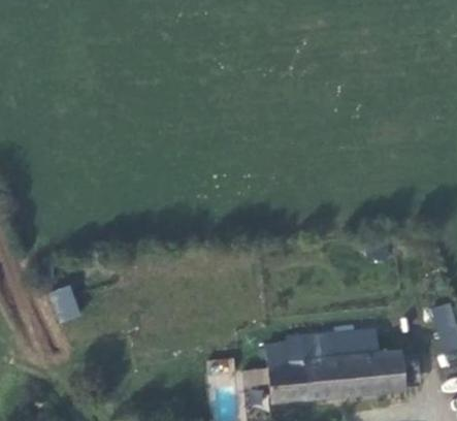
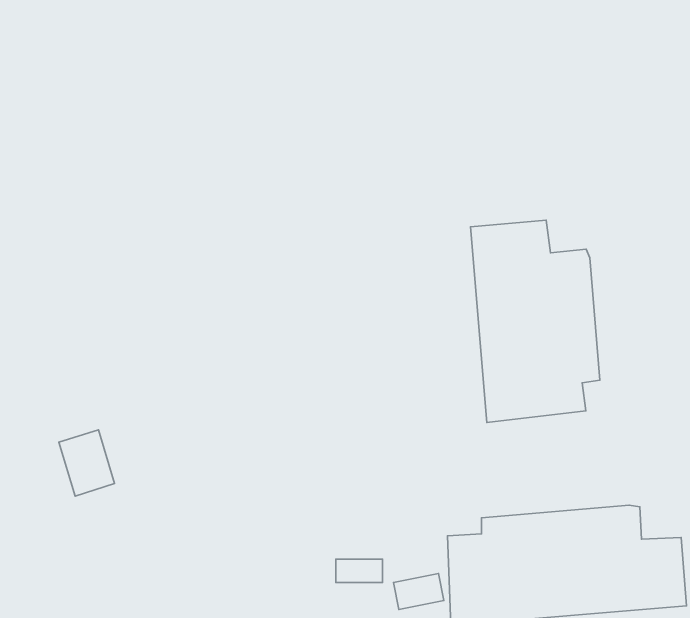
building: none -> [470,220,600,423]

